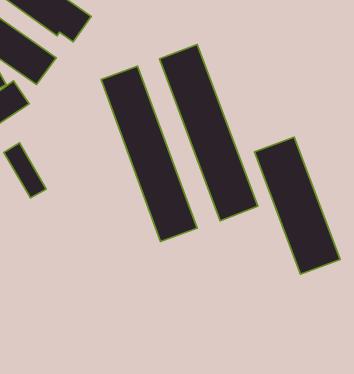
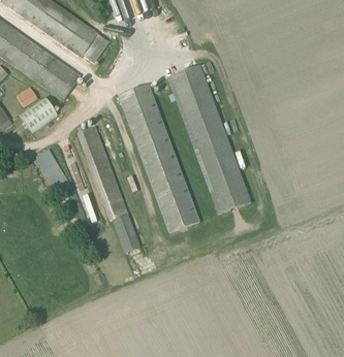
building: none -> [77,125,140,253]
building: [254,137,340,274] -> none

